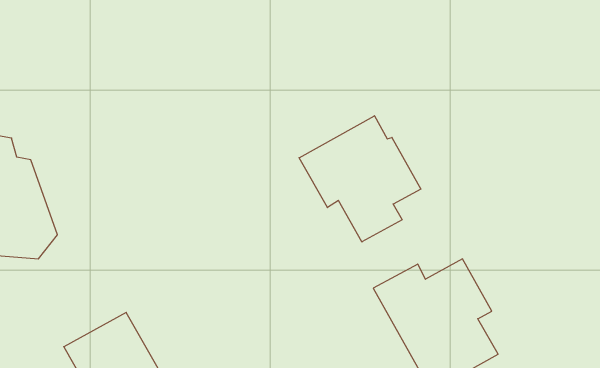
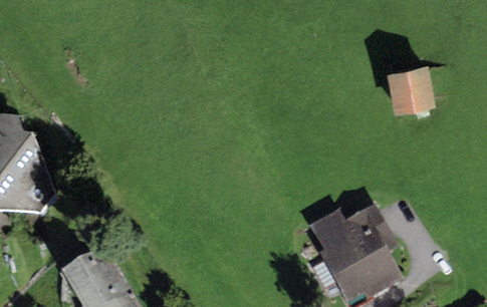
building: none -> [386,63,436,112]
building: [299,116,421,242] -> none

